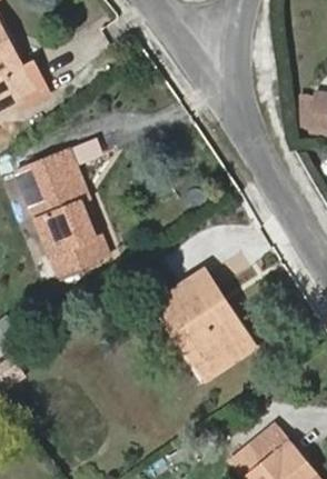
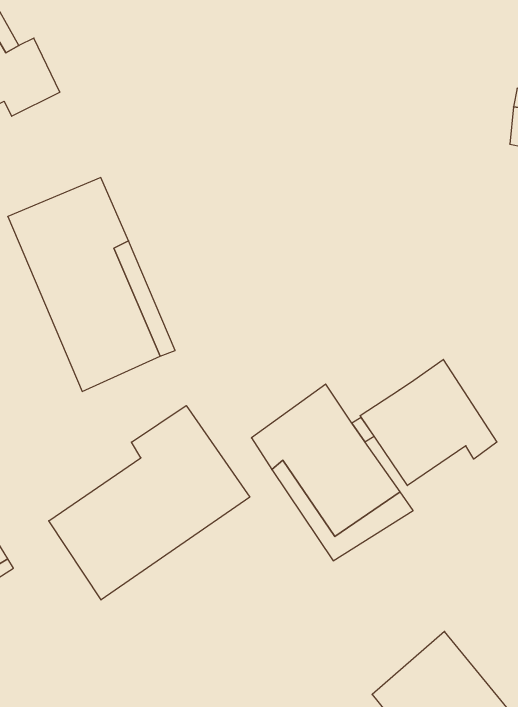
building: none -> [360,359,497,486]
building: none -> [49,406,250,600]

